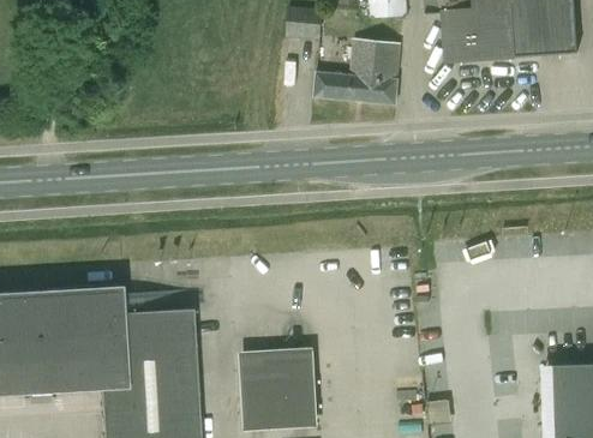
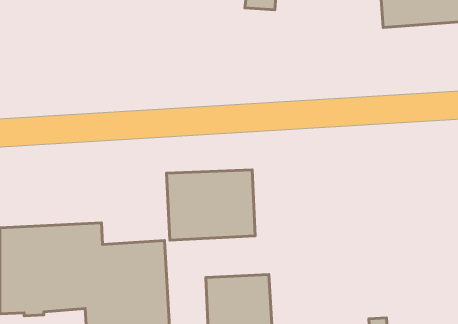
building: [315,40,400,103] -> none
building: none -> [167,170,255,240]

